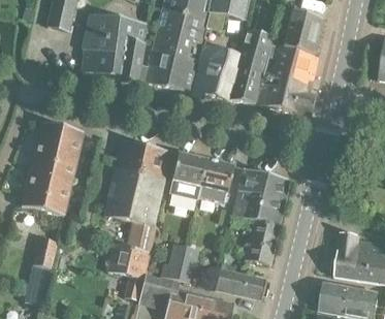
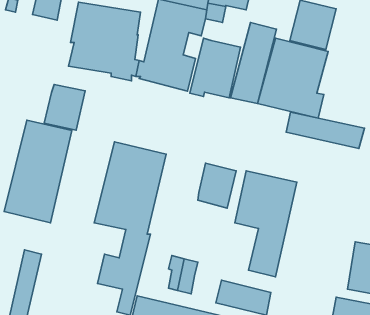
building: none -> [44,84,85,130]
building: none -> [286,112,365,149]
building: [167,153,204,198] -> none

